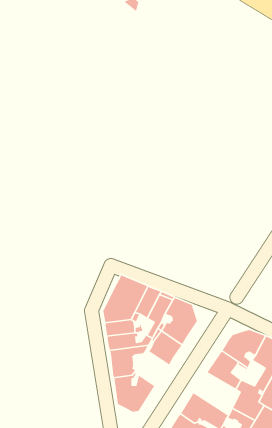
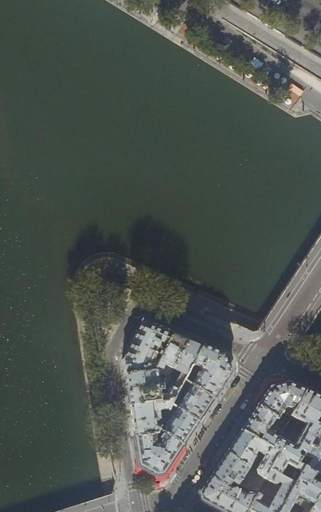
building: none -> [161,406,200,446]
building: none -> [227,431,280,479]

